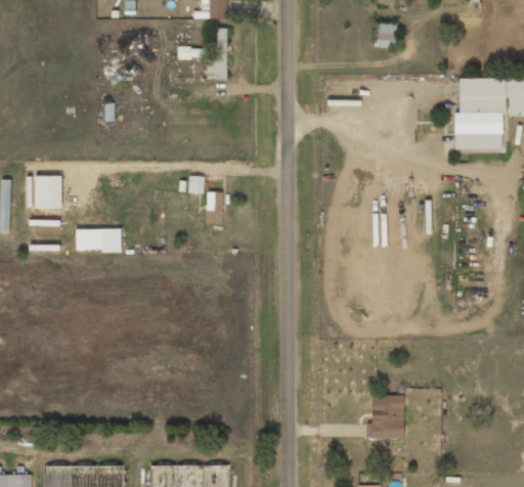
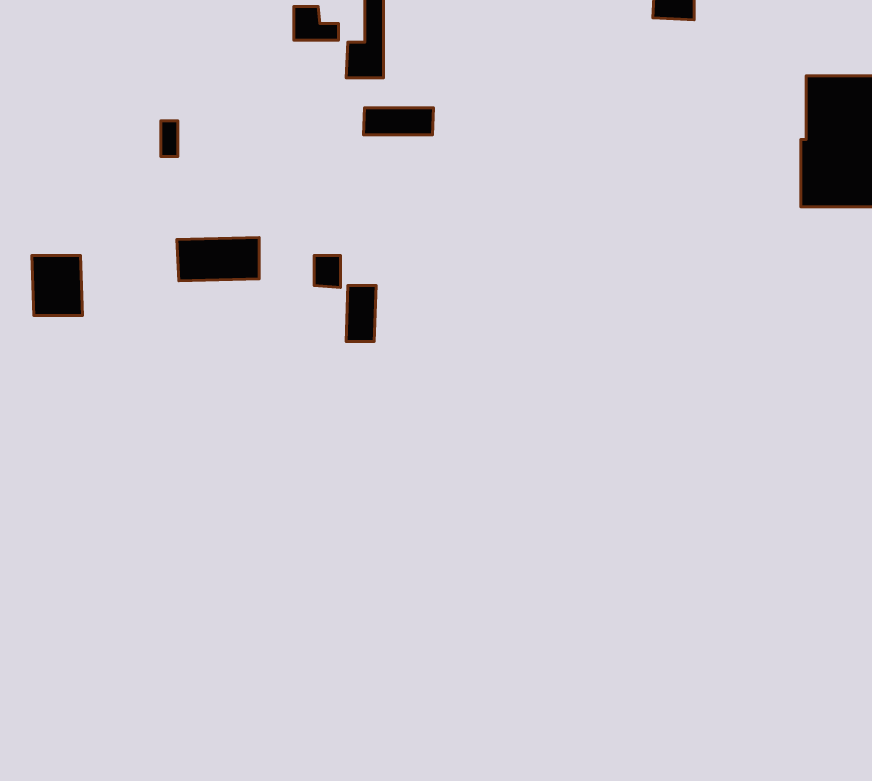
building: none -> [363,108,434,135]
building: [76,228,121,252] -> [177,238,259,281]
building: [366,395,404,439] -> none

